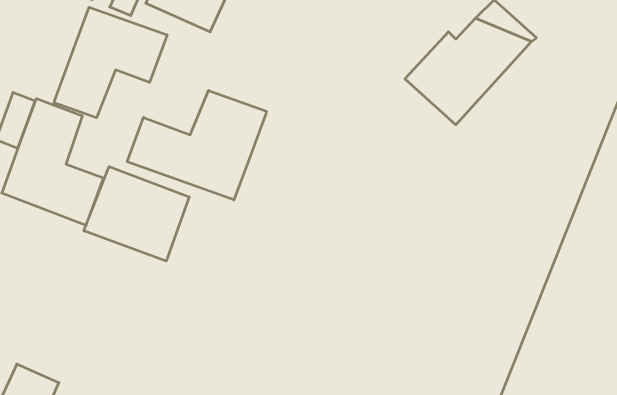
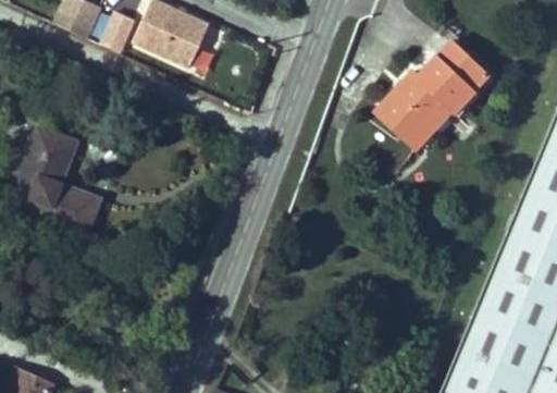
building: [54,7,167,118] -> none
building: [127,90,266,200] -> none
building: [84,167,189,261] -> none

